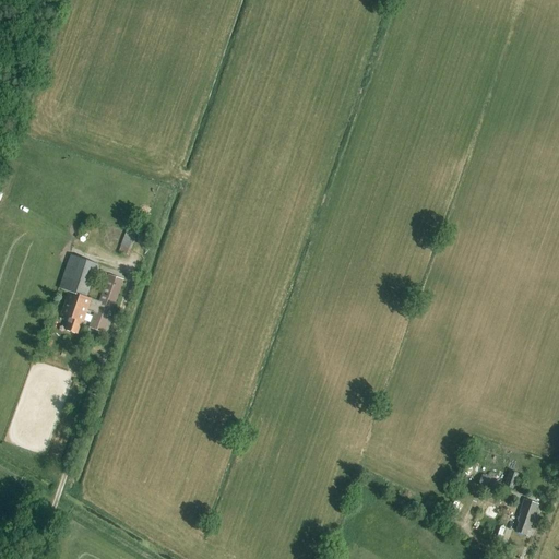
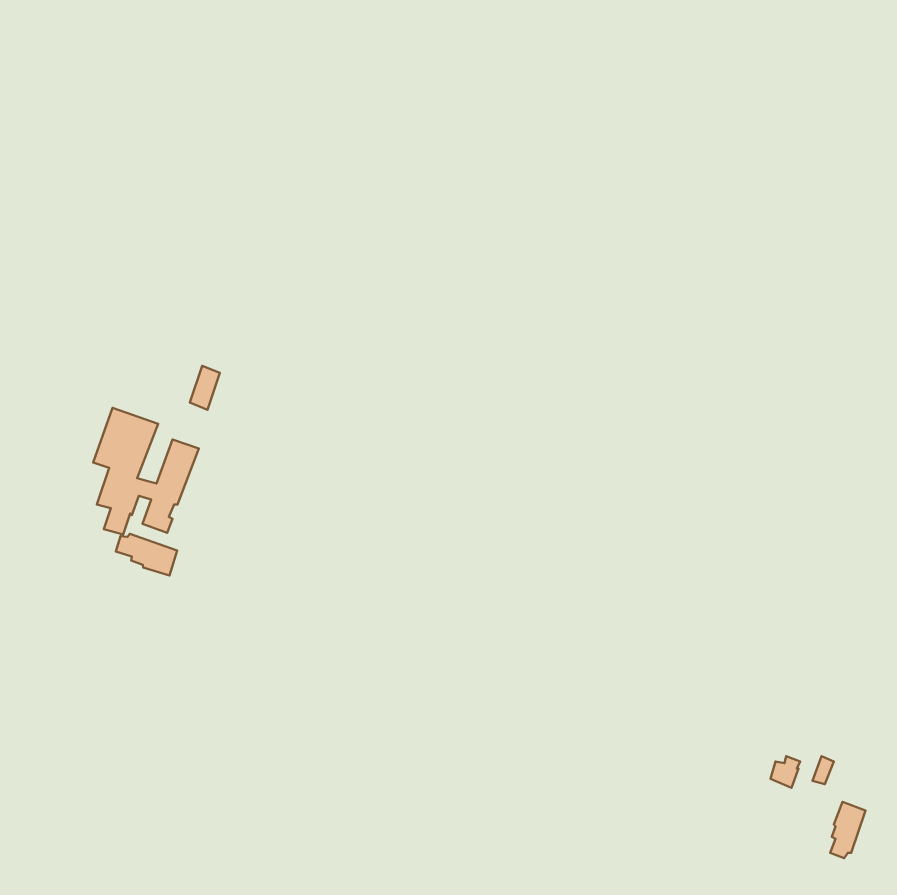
building: none -> [116,534,177,576]

